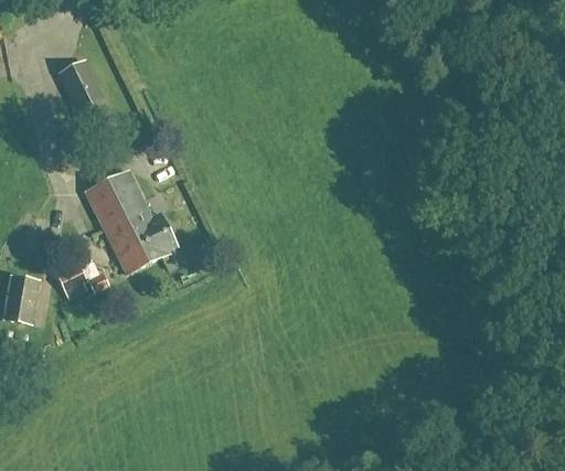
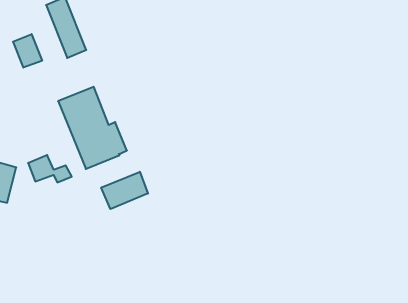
building: none -> [13,34,42,68]
building: none -> [101,172,148,209]

